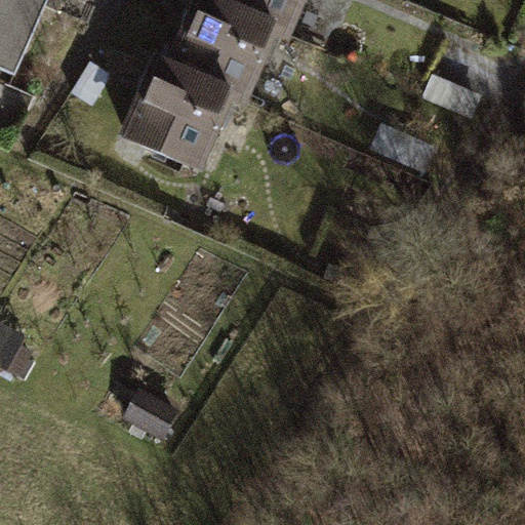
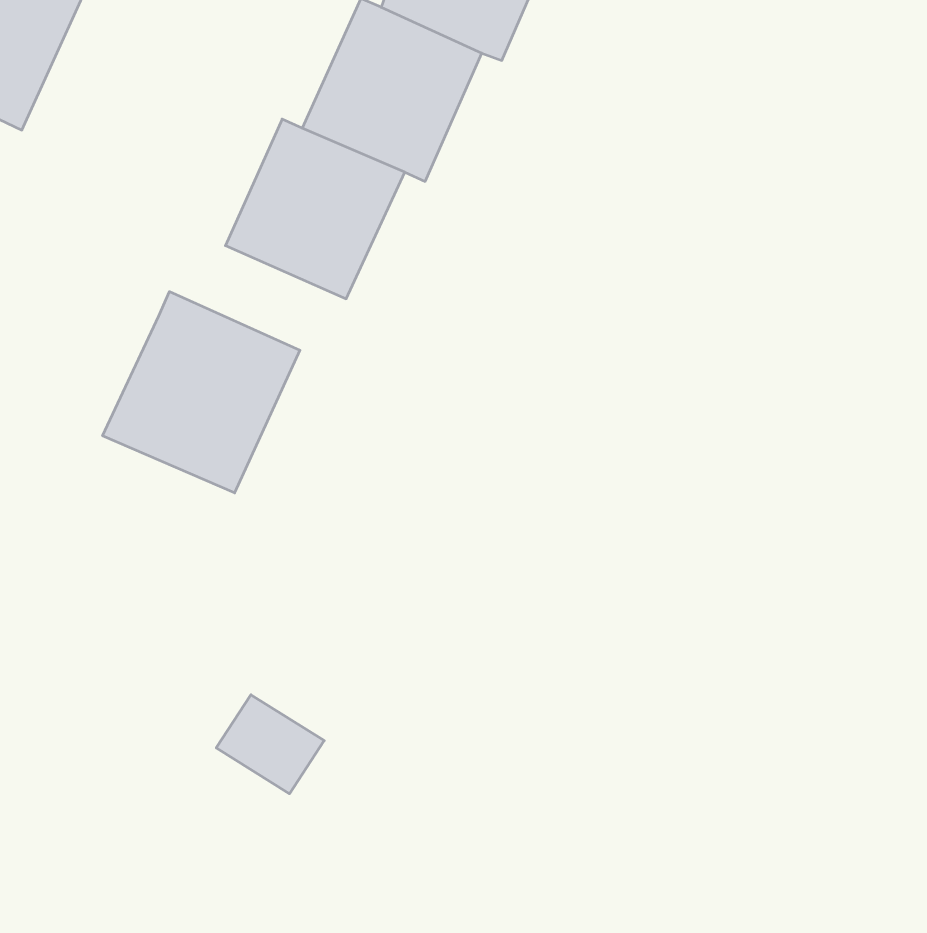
building: none -> [103,292,300,493]

